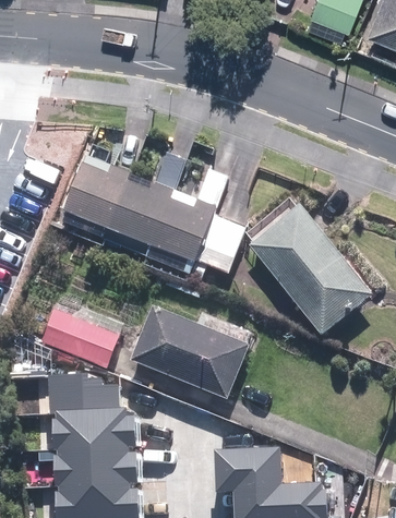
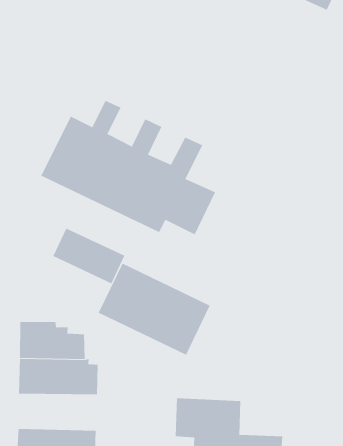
building: [250,207,371,337] -> none
building: [41,312,117,368] -> [53,228,125,284]
building: [52,446,136,486] -> none

